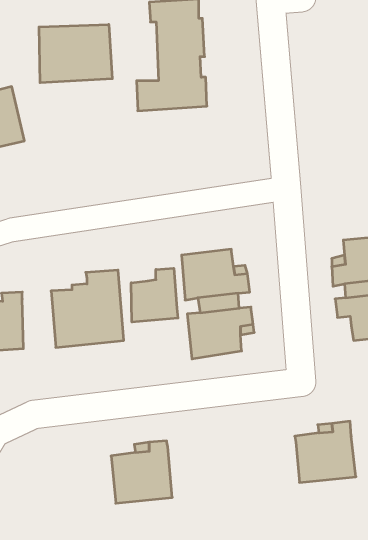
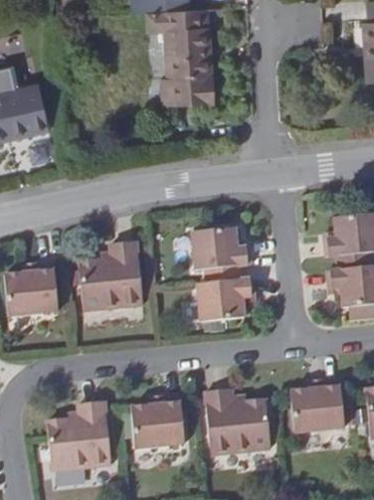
building: [39,24,112,83] -> none
building: [131,268,178,322] -> none
building: none -> [203,388,268,454]
building: none -> [44,401,109,470]

